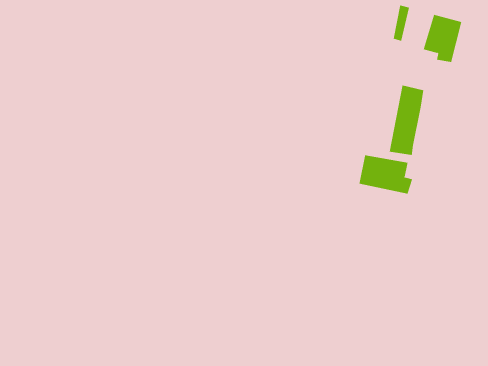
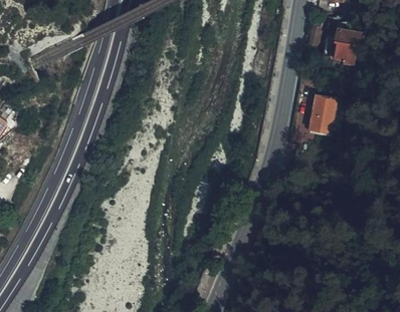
building: [359,154,413,194] -> none

